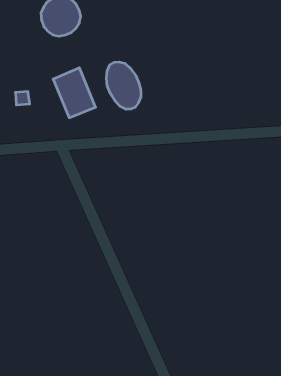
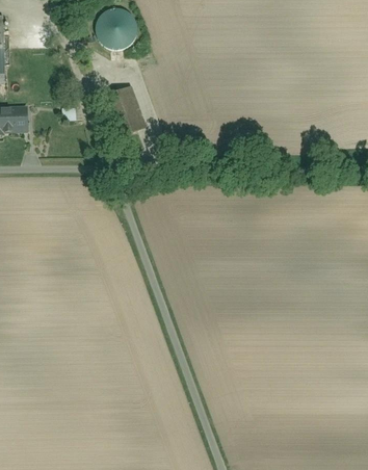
building: [106,62,141,109] -> none

